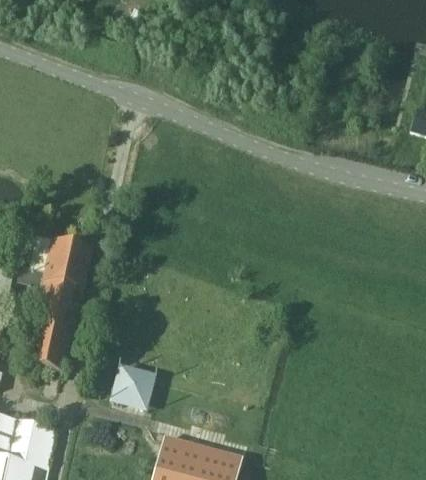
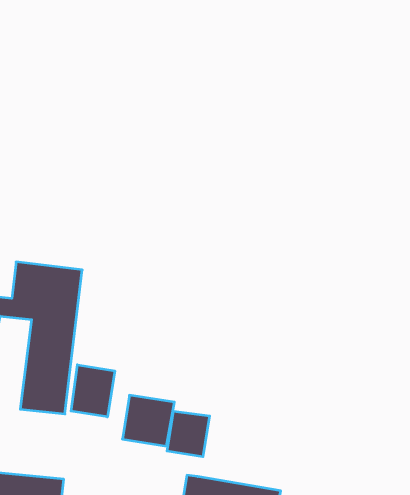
building: none -> [71,365,115,417]
building: none -> [167,411,210,457]

